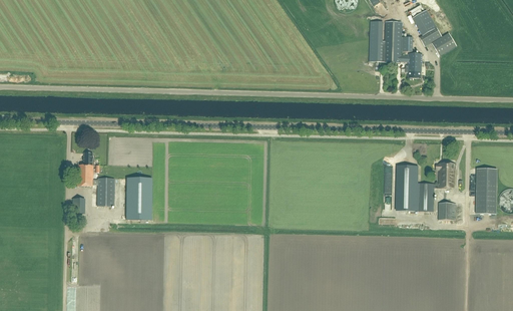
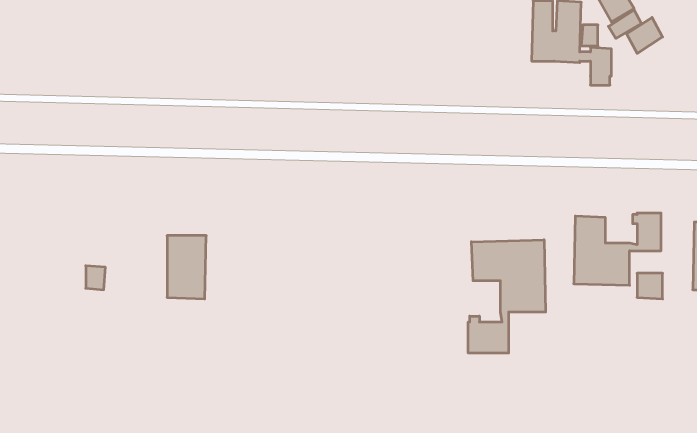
building: [77,152,114,206] -> none
building: none -> [468,240,546,353]

